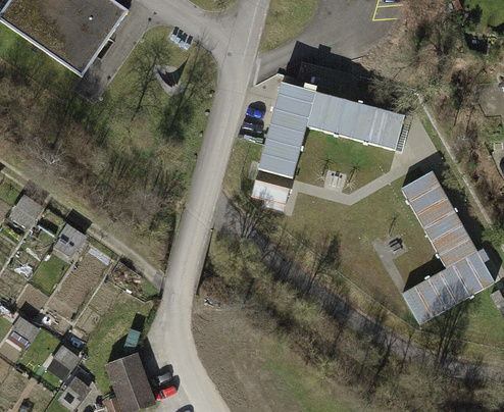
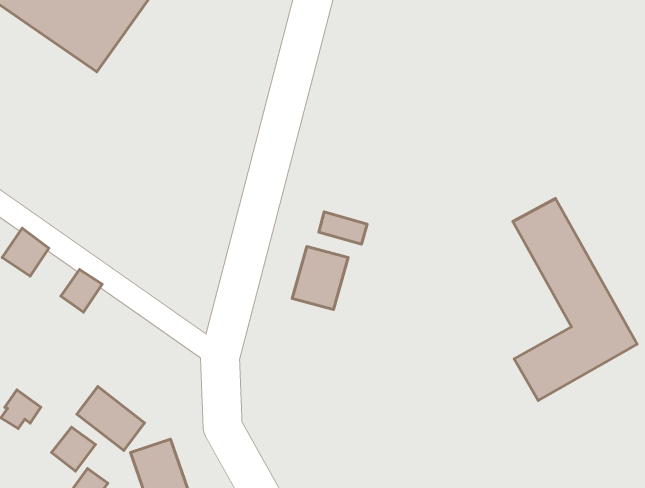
building: [256,84,405,179] -> none
building: none -> [292,246,348,310]
building: none -> [77,386,145,451]

